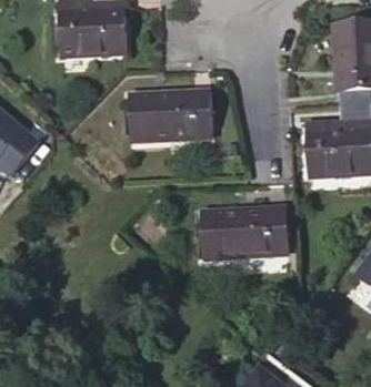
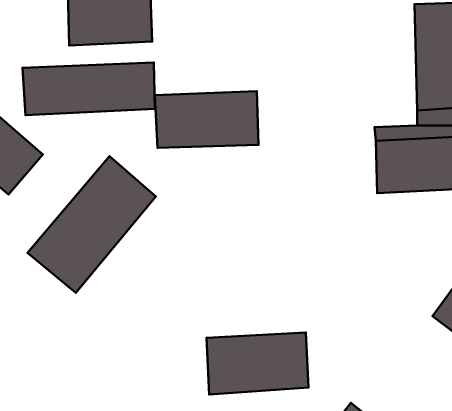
building: none -> [23,63,155,115]
building: none -> [27,156,156,293]
building: [204,206,287,256] -> [206,332,309,395]

